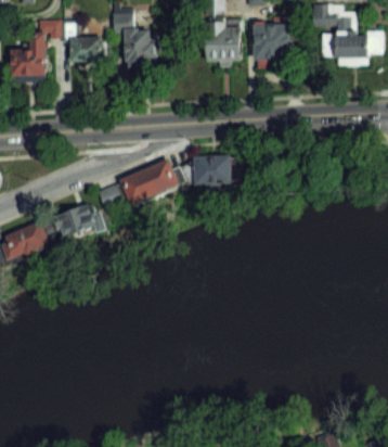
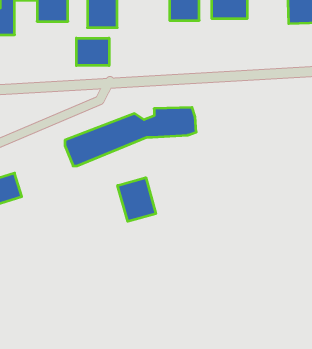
building: none -> [76,38,109,66]
building: [55,204,102,239] -> none
building: none -> [118,178,156,221]

